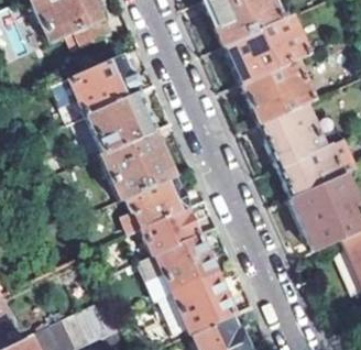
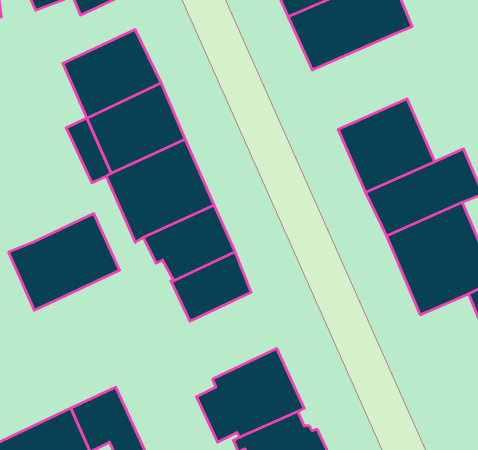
building: [243,58,315,123] -> none
building: [143,234,219,300] -> [9,214,120,310]

